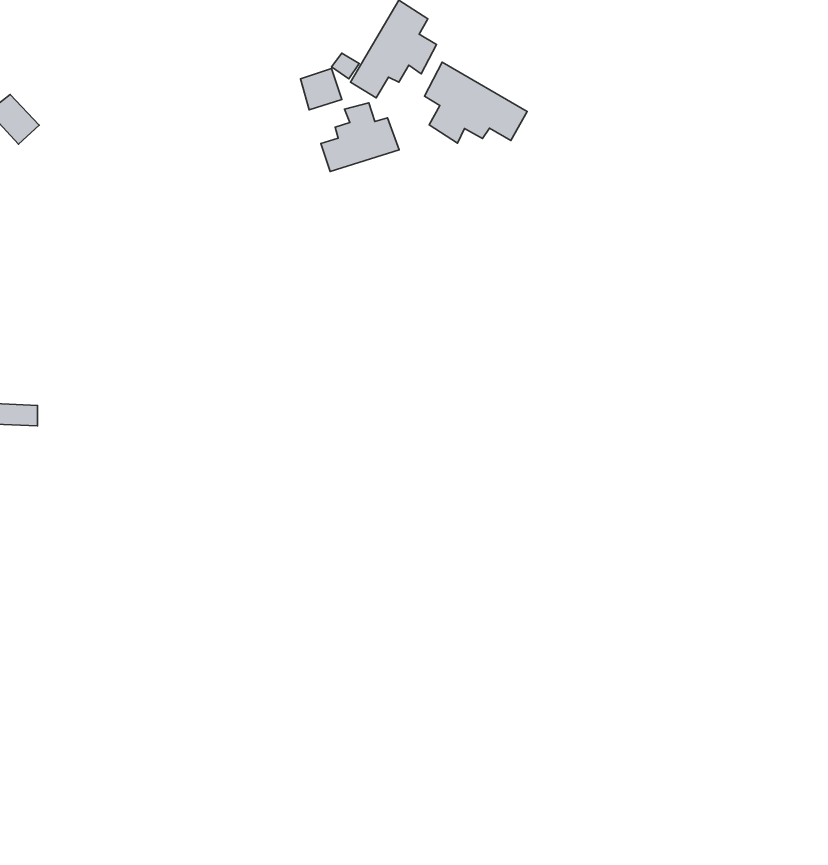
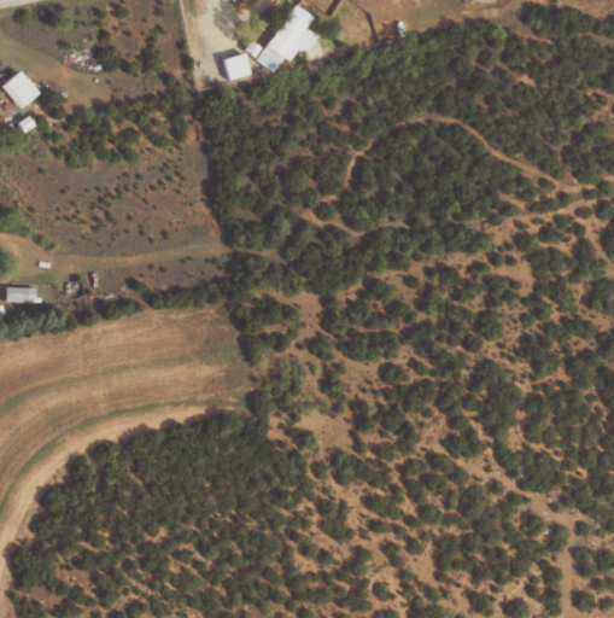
building: [424,62,527,143] -> none
building: [321,103,399,171] -> none

